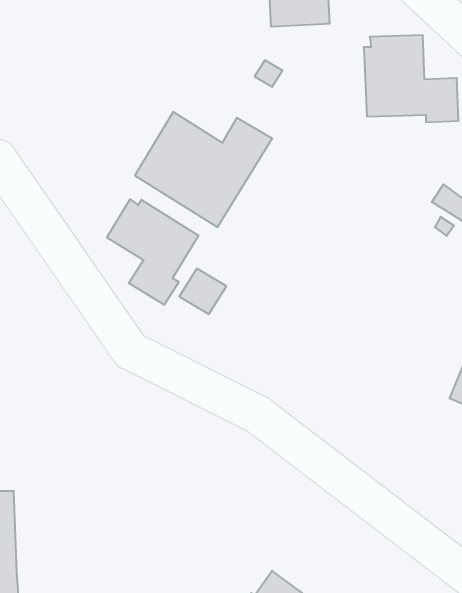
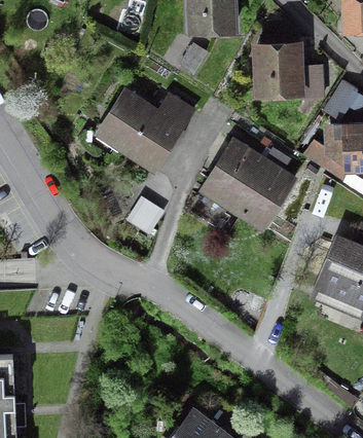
building: none -> [202,141,293,227]
building: [107,199,198,305] -> none

